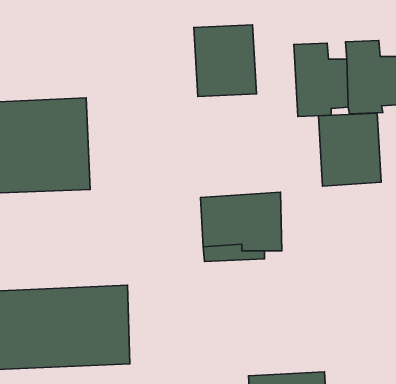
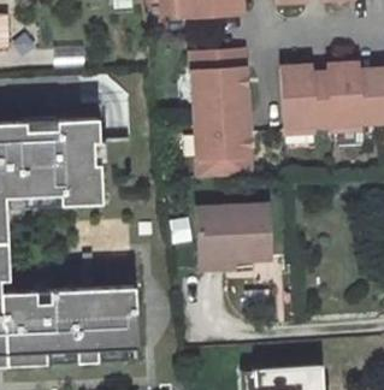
building: [318,113,381,186] -> [196,113,253,179]

